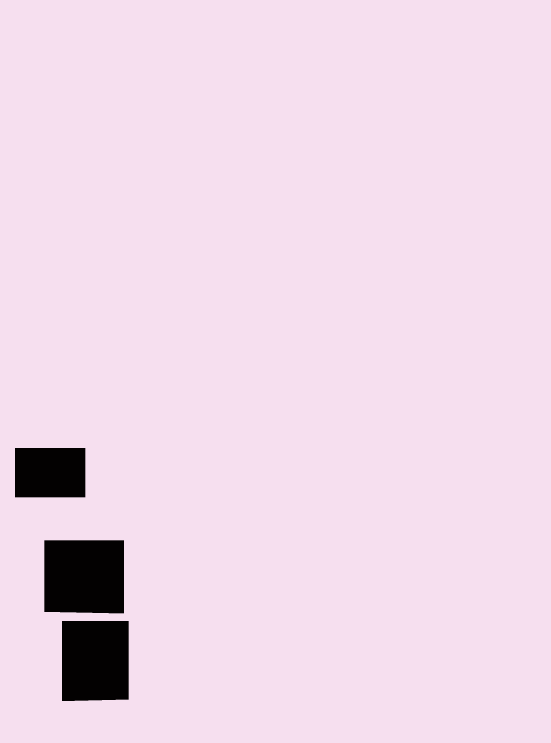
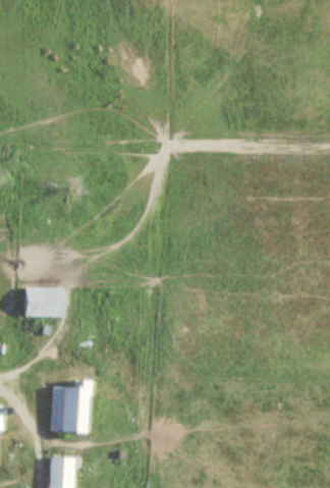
building: [44,540,125,614] -> none

